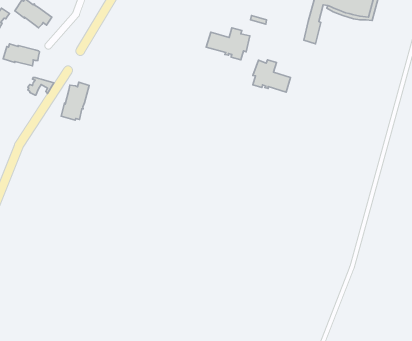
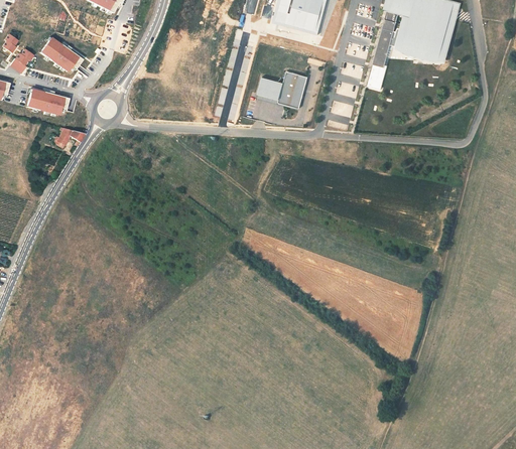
building: [253,60,290,92] -> none
building: [61,82,89,120] -> none

